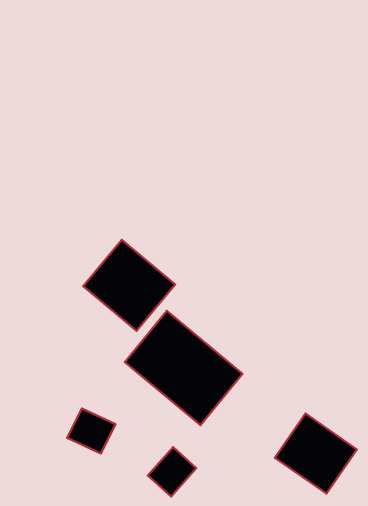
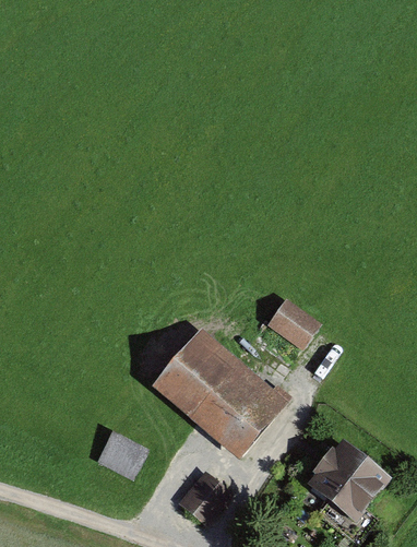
building: [83,240,175,331] -> none
building: none -> [269,300,318,347]

